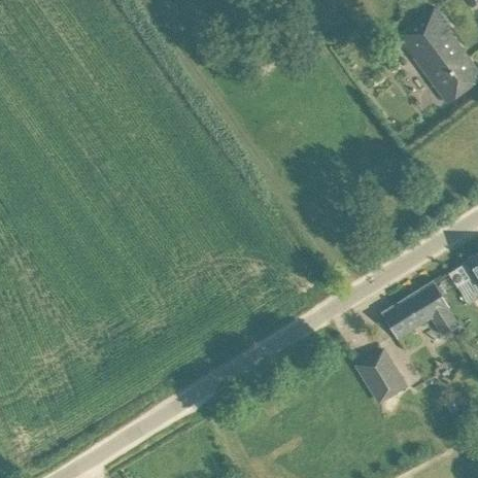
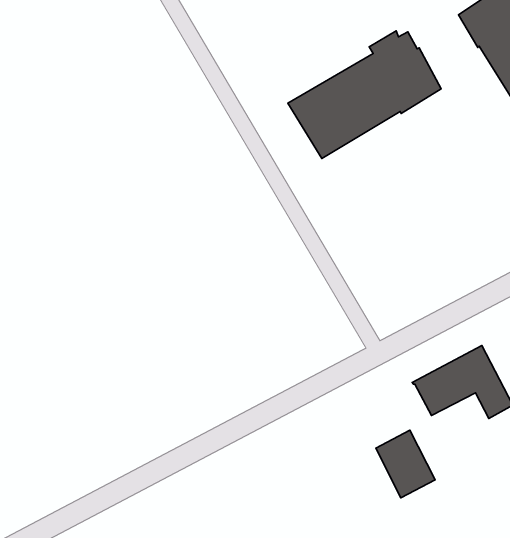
building: none -> [288,31,441,159]

